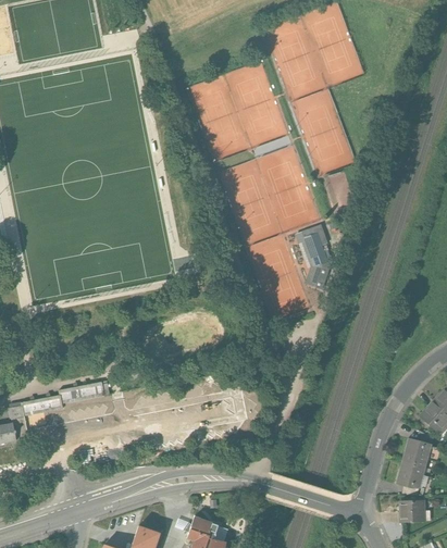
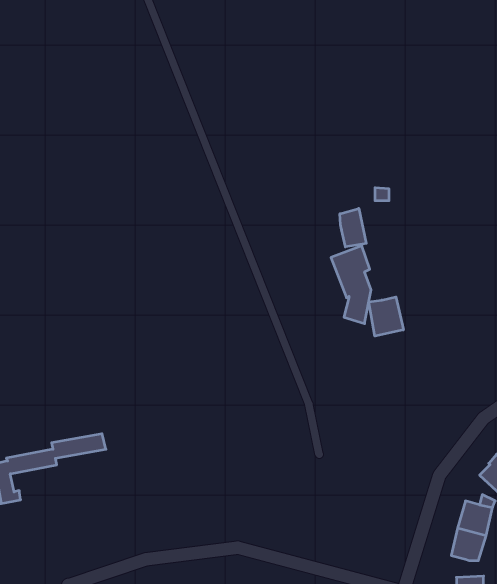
building: none -> [340,208,366,247]
building: none -> [369,297,403,336]

